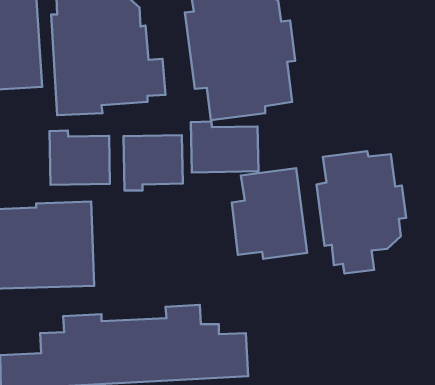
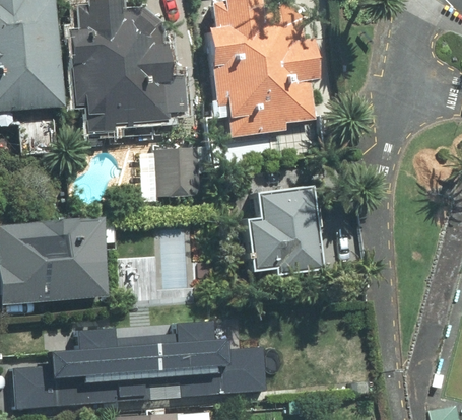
building: [191,122,258,173] -> none
building: [49,130,110,185] -> none
building: [317,151,406,273] -> none

